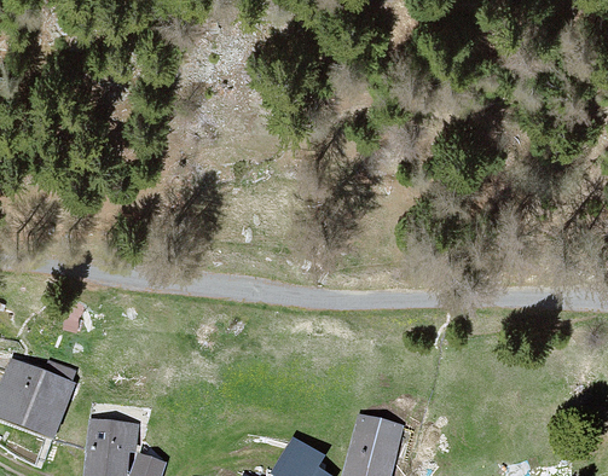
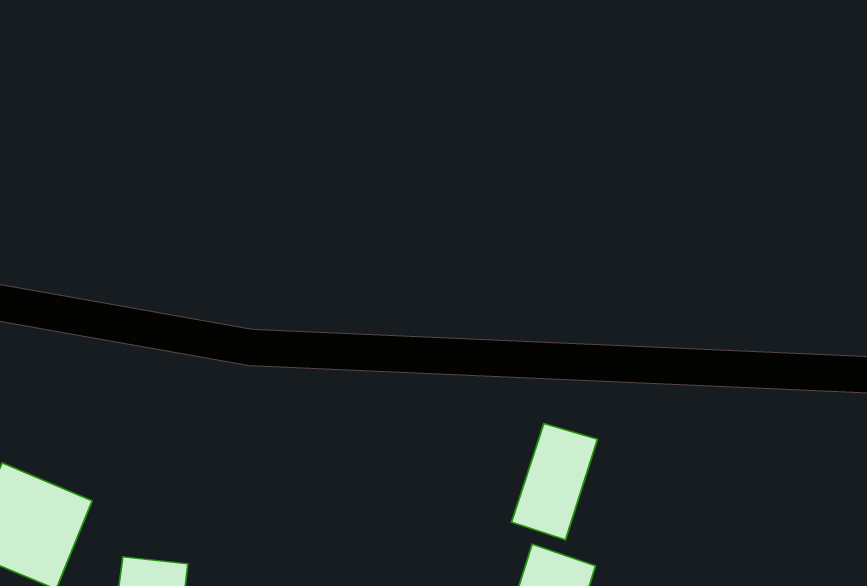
building: none -> [511,423,597,540]

